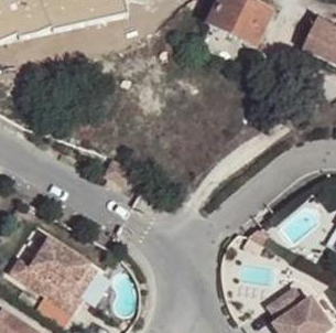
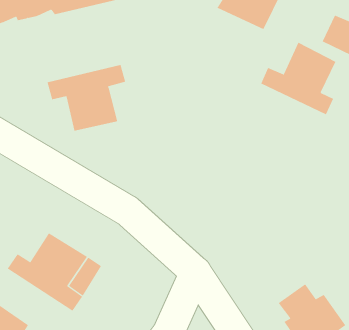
building: none -> [260,42,336,115]
building: none -> [47,64,126,131]

